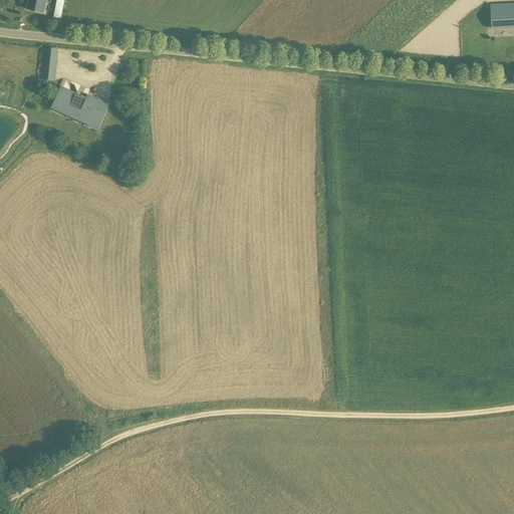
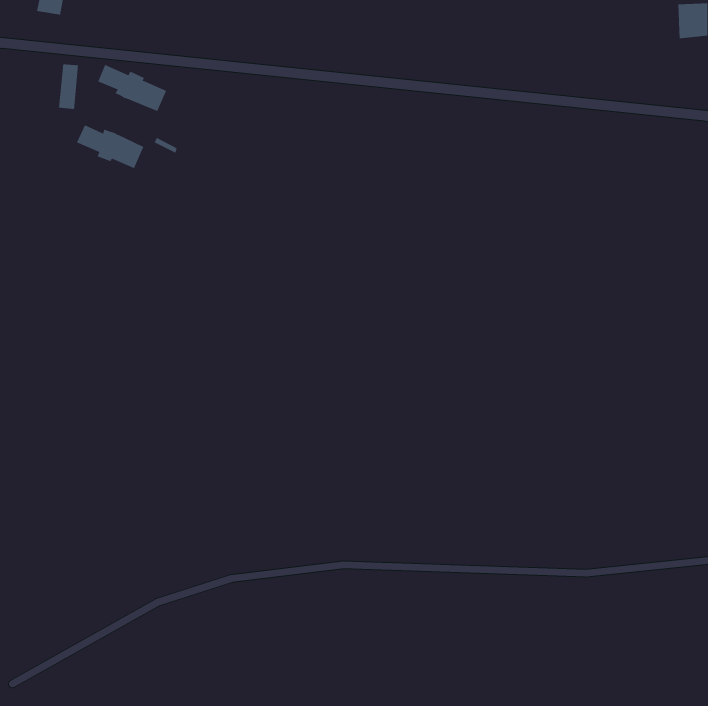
building: none -> [98,64,167,112]

